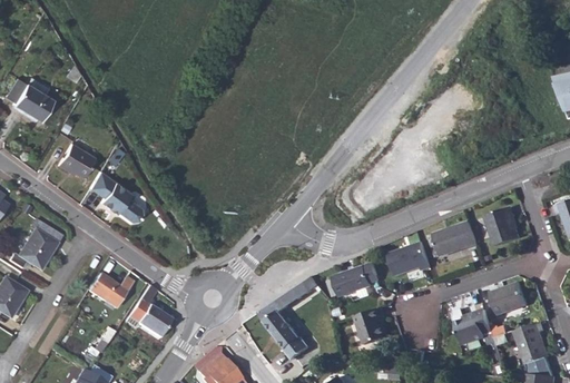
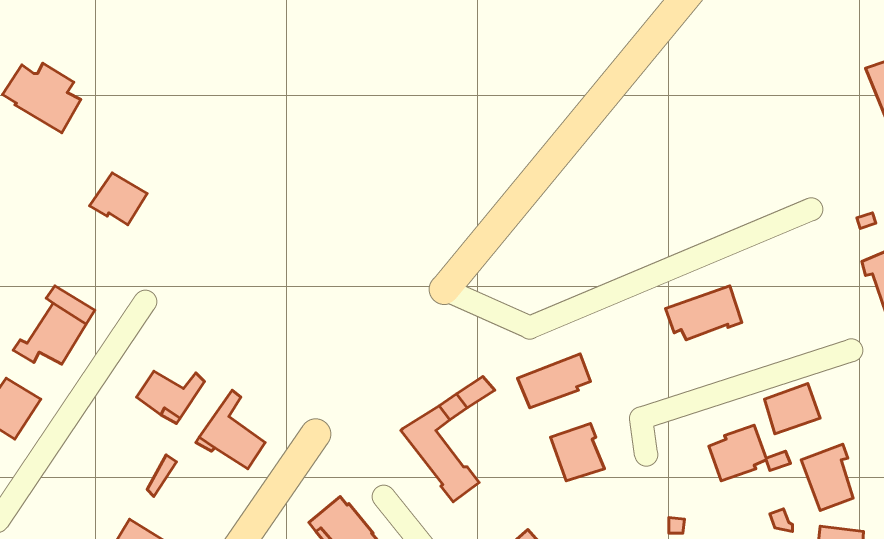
building: [91,174,142,224] -> none
building: [485,208,520,248] -> none
building: [387,242,431,276] -> none

